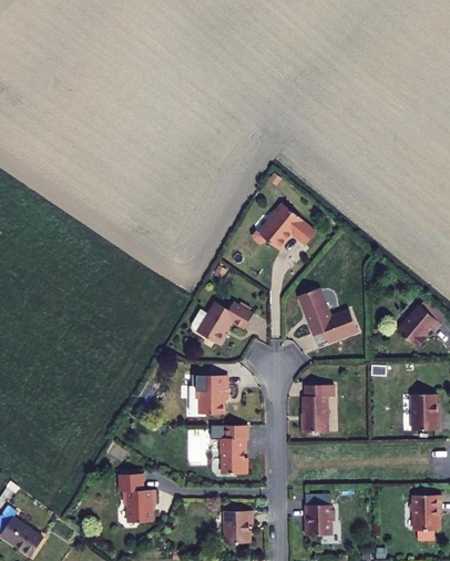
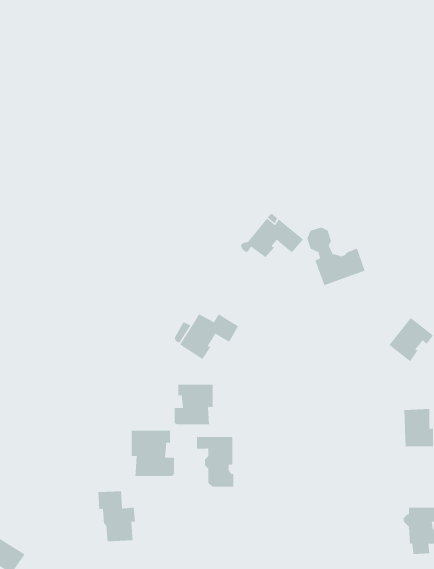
building: [299,289,356,346] -> [306,227,365,286]
building: [303,379,335,427] -> none
building: none -> [131,430,174,477]
building: [307,500,336,531] -> none
building: [225,506,254,539] -> none

